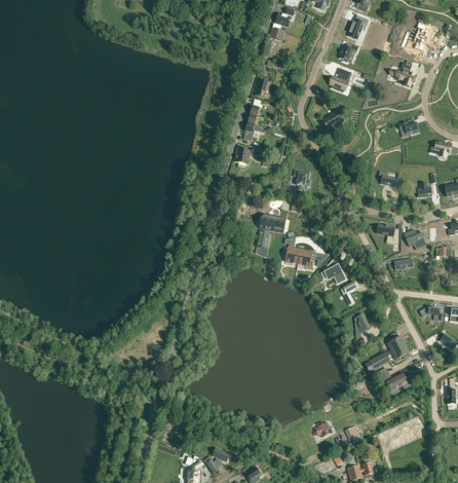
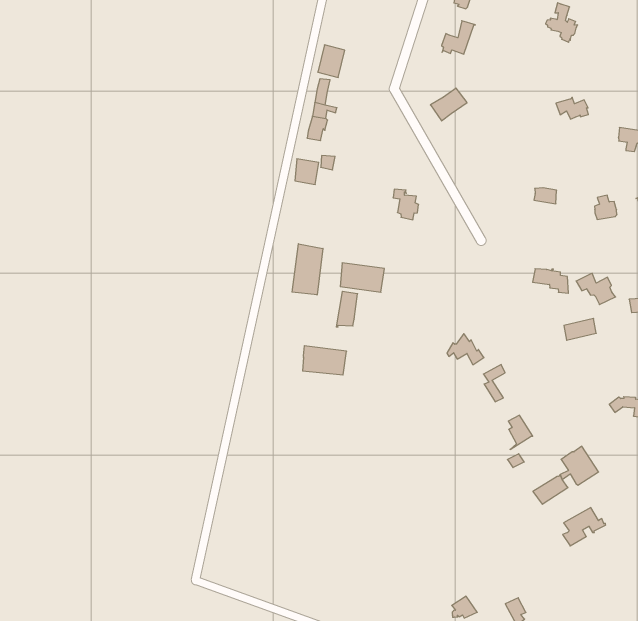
building: none -> [292,244,323,295]
building: [285,247,313,266] -> [303,346,347,375]

